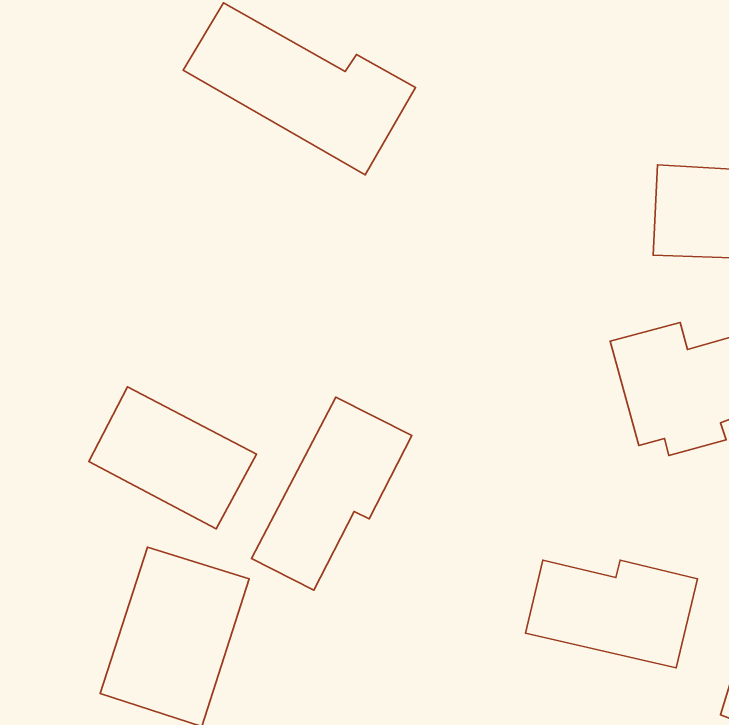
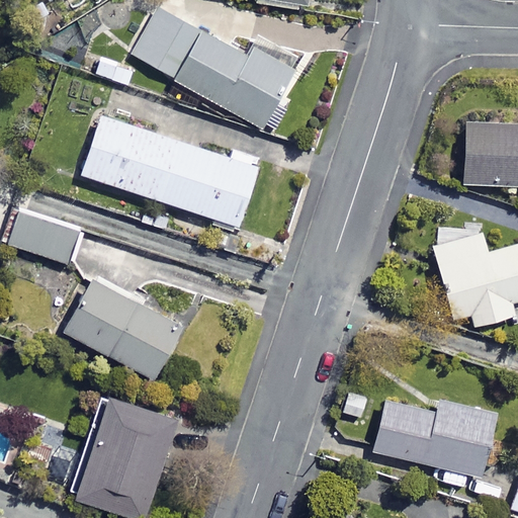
building: none -> [82,116,258,227]
building: none -> [6,207,81,265]
building: [252,397,412,590] -> none

